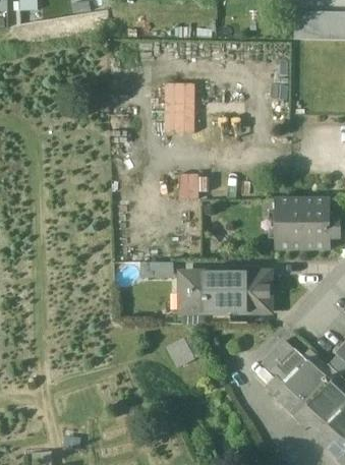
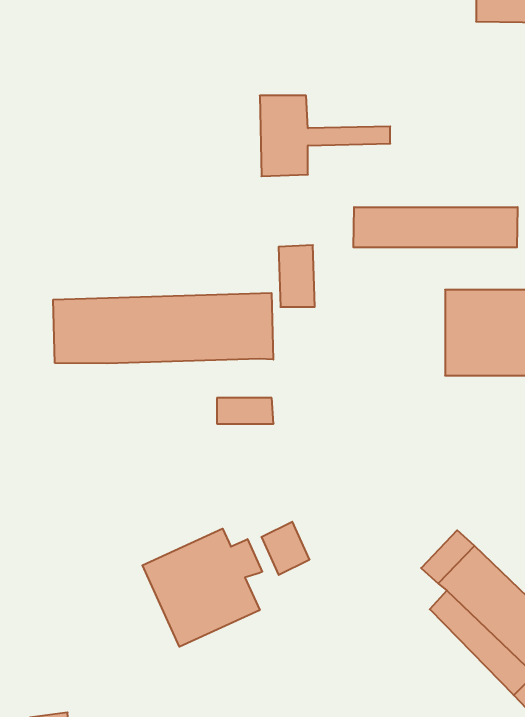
building: none -> [353,207,518,247]
building: none -> [53,293,273,363]
building: [182,273,270,310] -> none
building: none -> [142,529,262,647]

